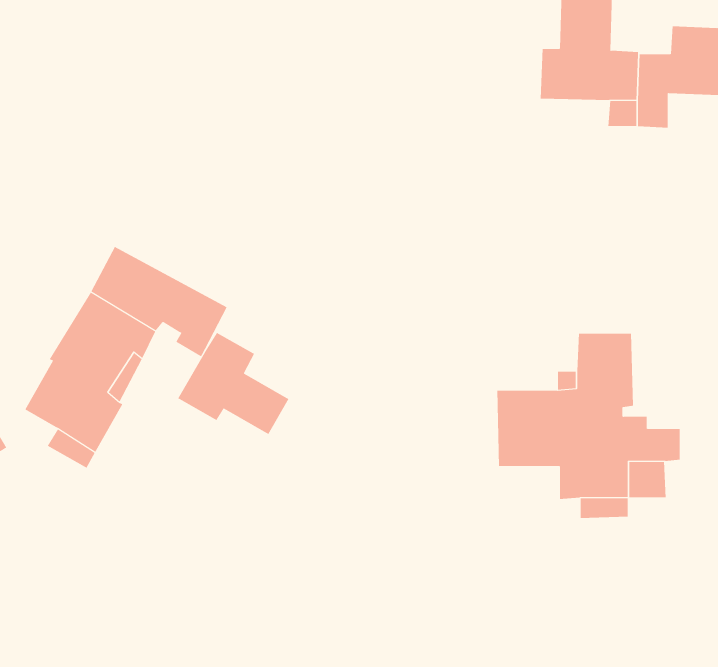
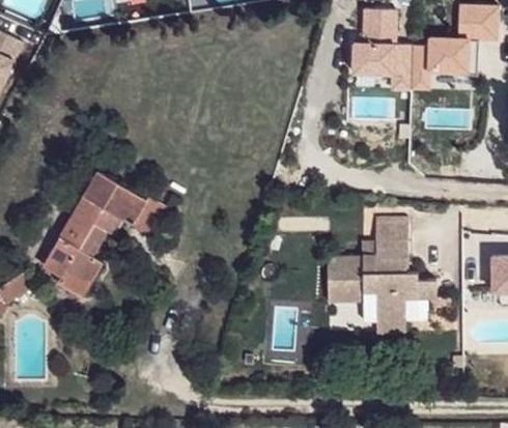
building: [177,332,289,435] -> none

